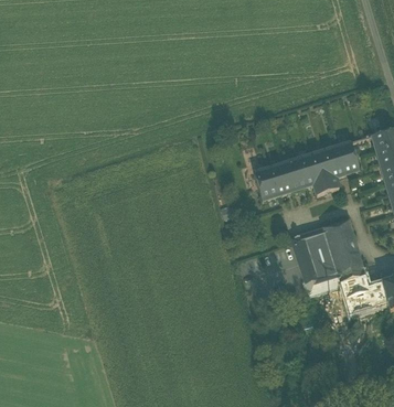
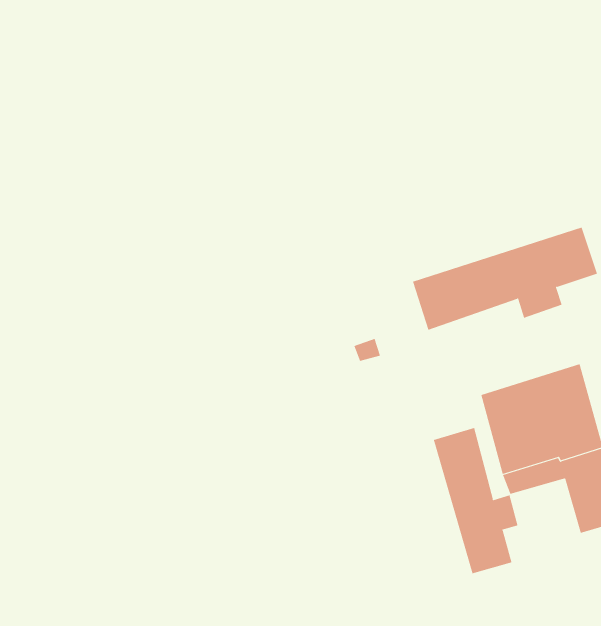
building: none -> [433,427,518,574]

